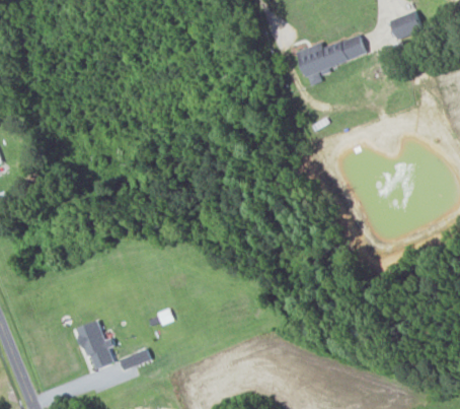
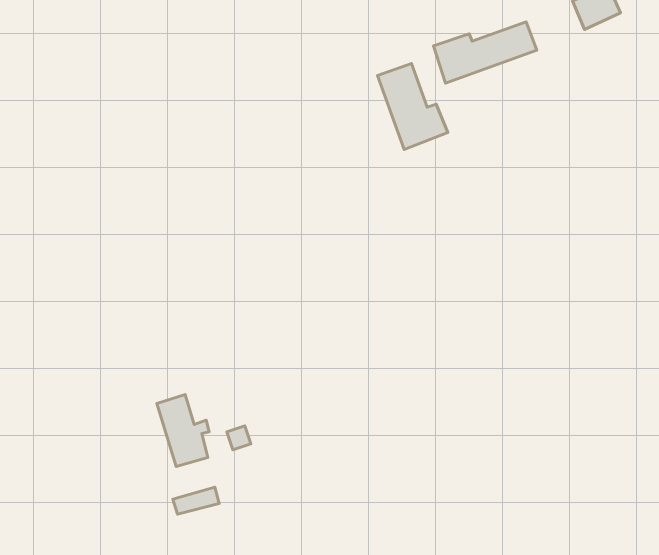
building: none -> [377,63,448,150]
building: [78,322,113,370] -> [157,395,209,466]

